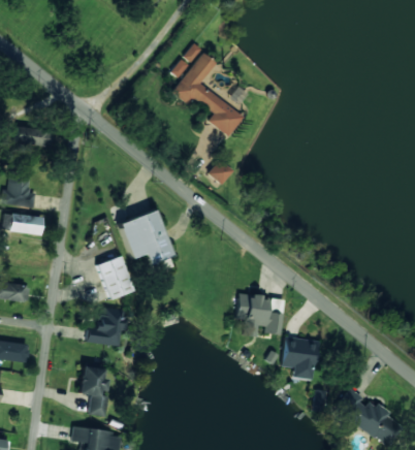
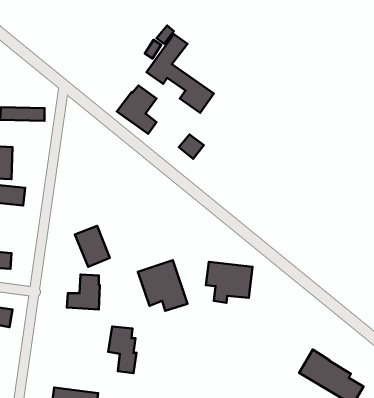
building: none -> [117,86,157,134]
building: [119,211,171,264] -> [138,260,188,311]
building: [282,338,318,379] -> none
building: [78,366,108,416] -> [108,326,136,373]

